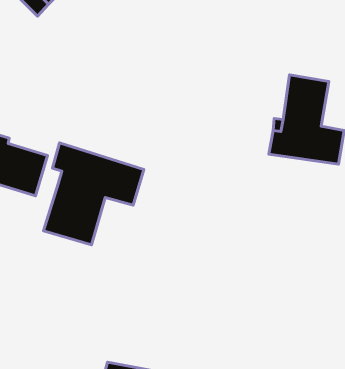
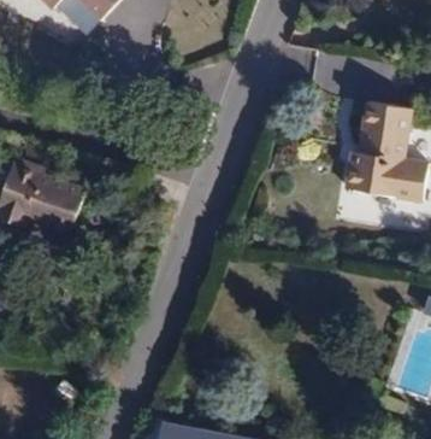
building: [43,143,144,245] -> none

